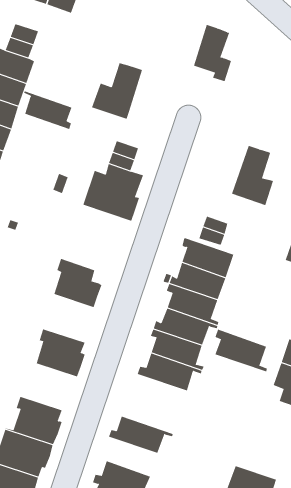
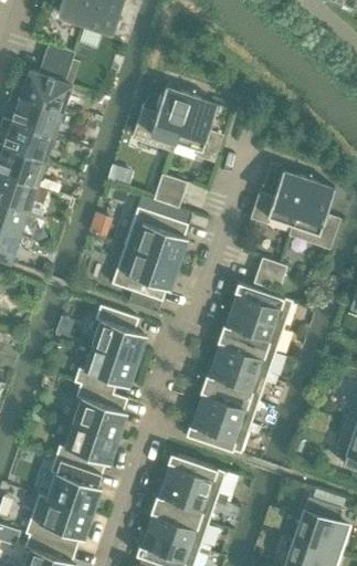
building: [193,24,232,82] -> [177,96,220,160]
building: [24,90,72,130] -> none
building: none -> [252,171,308,234]
building: none -> [111,247,179,311]
building: none -> [73,346,137,400]
building: [214,329,268,372] -> [167,453,227,502]
building: none -> [54,423,118,475]
building: none -> [294,497,347,553]
building: none -> [149,505,210,552]

